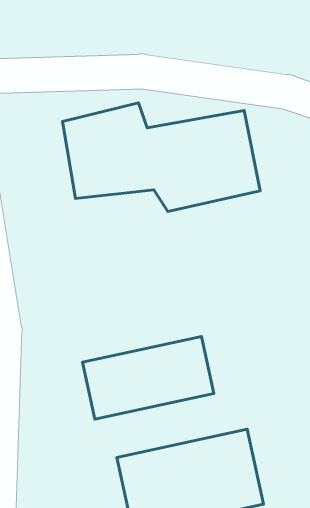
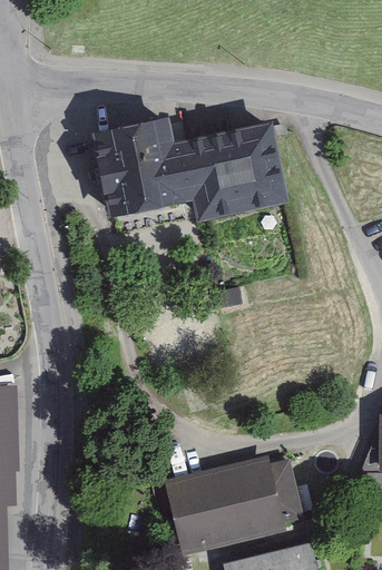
building: [82,336,214,419] -> none

